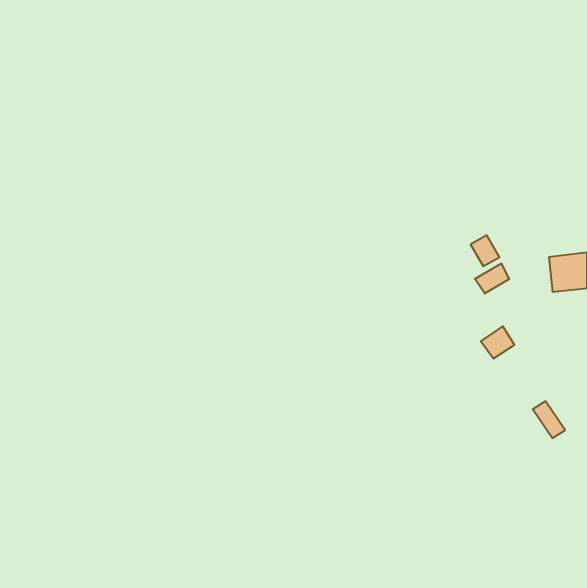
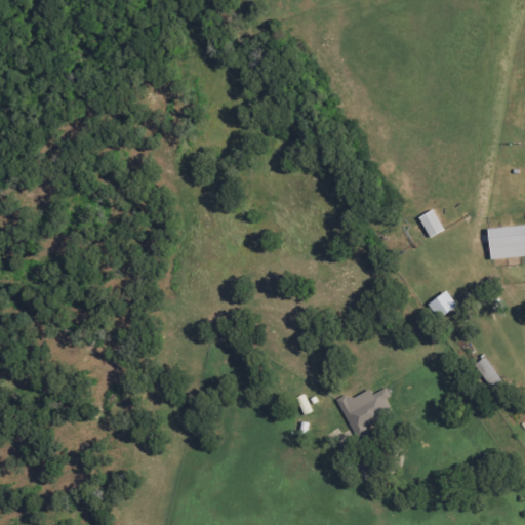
building: [475,264,509,294] -> none
building: none -> [338,388,391,431]

